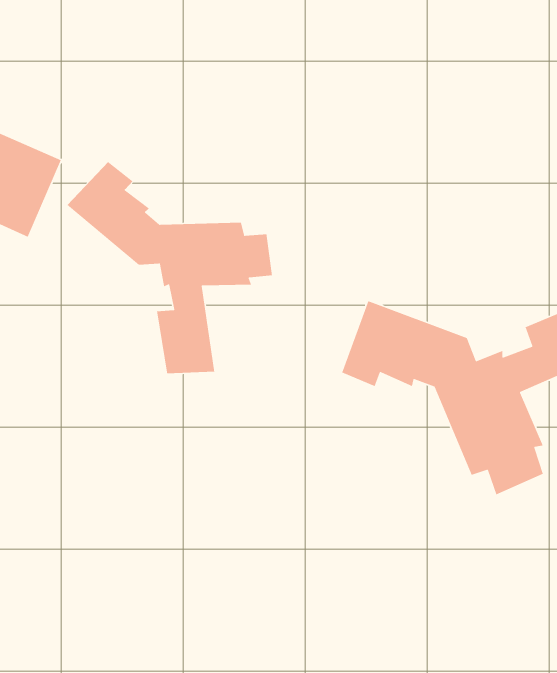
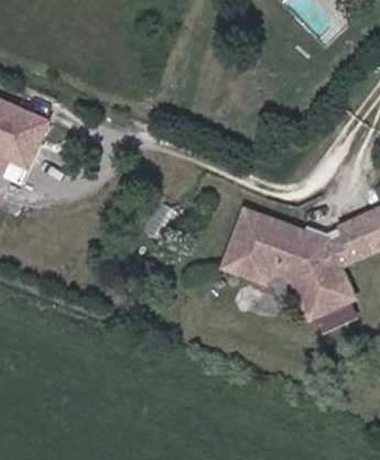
building: [67,161,273,374] -> none

